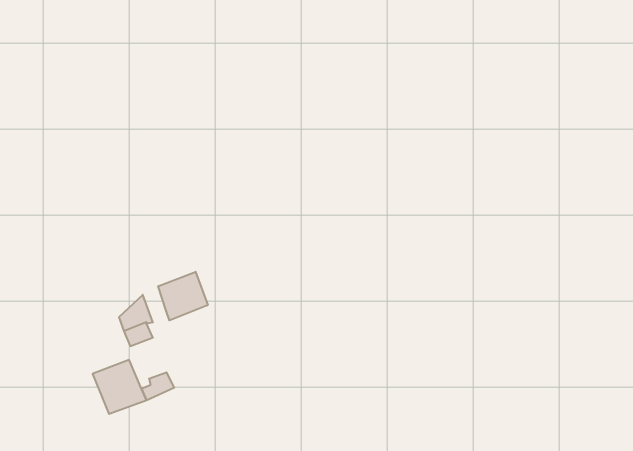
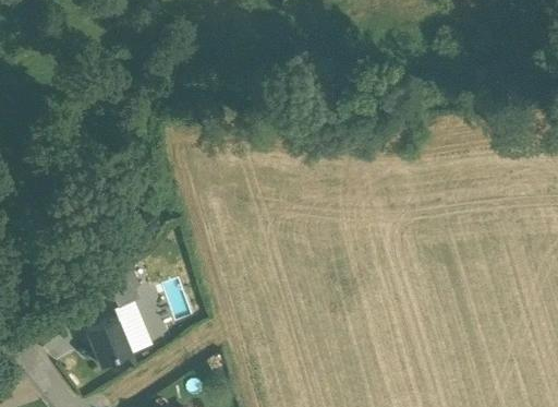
building: [158,272,208,320] -> none

